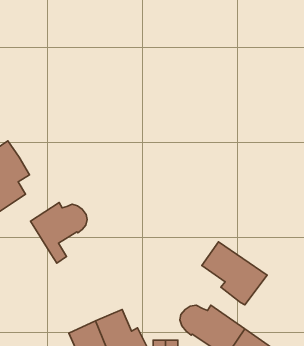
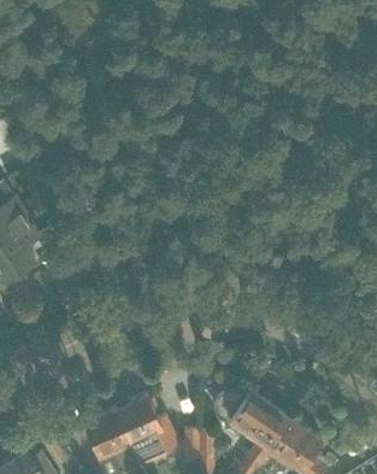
building: [30,203,87,263] -> none
building: [202,242,267,305] -> none

